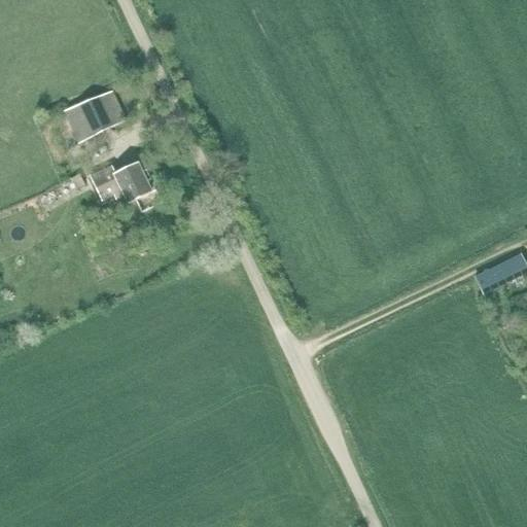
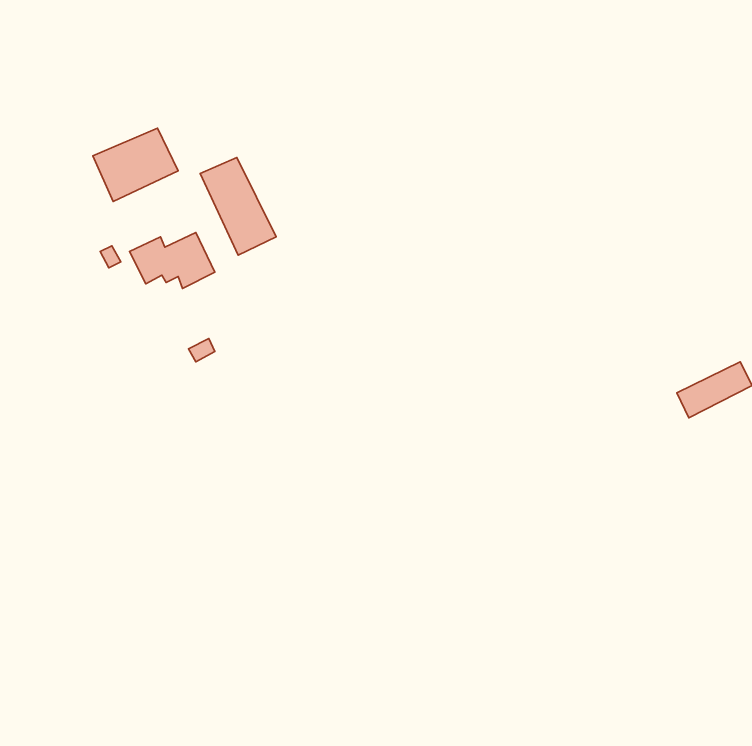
building: none -> [200,158,276,255]

